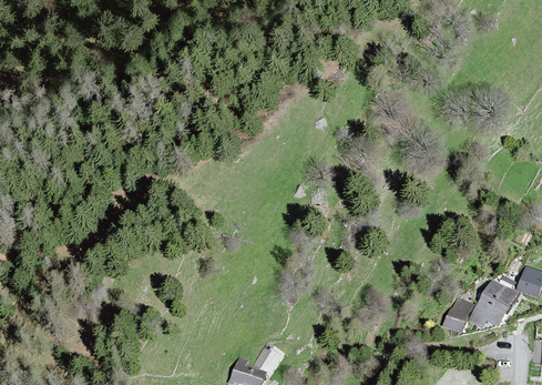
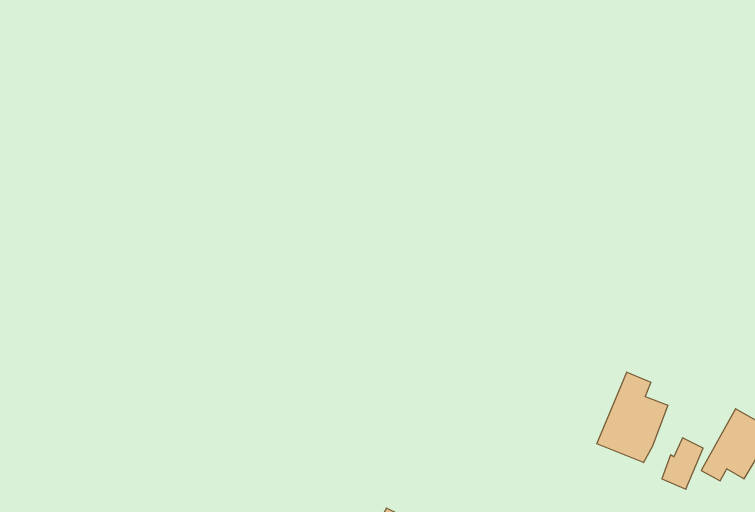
building: none -> [597,372,668,463]

